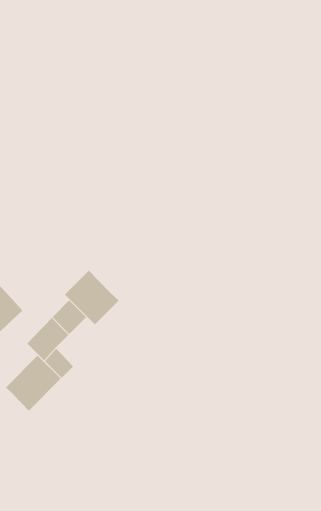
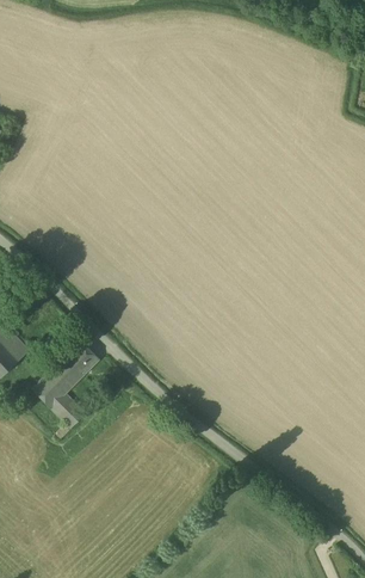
building: [64,270,119,325] -> none
building: [5,355,62,411] -> none

